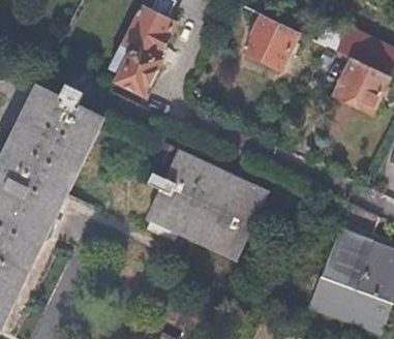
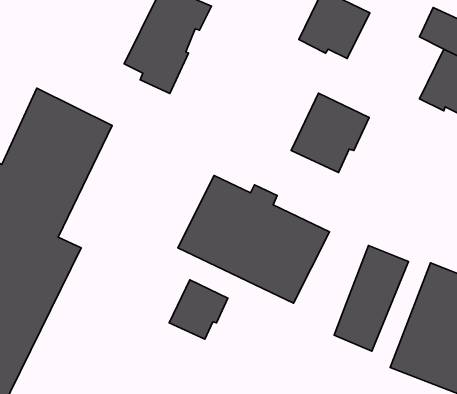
building: none -> [291,93,369,172]
building: none -> [334,246,408,351]
building: none -> [169,280,228,339]

